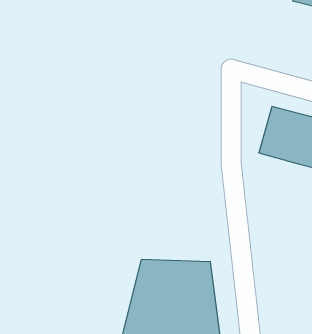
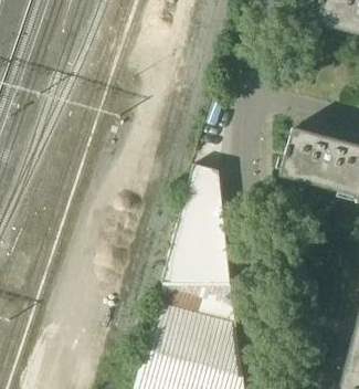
building: none -> [161,162,231,284]

